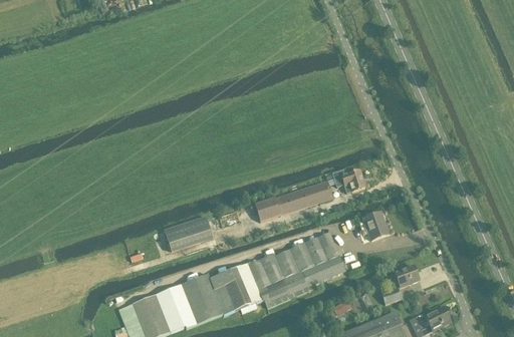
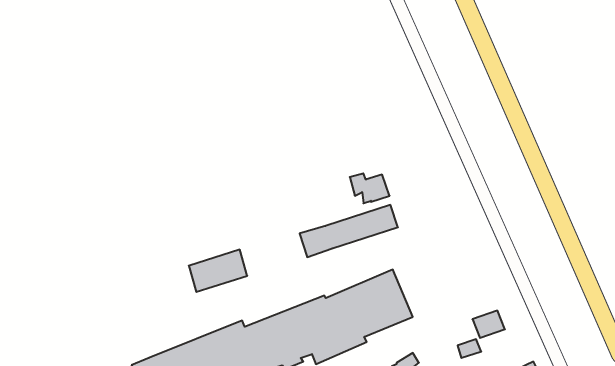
building: [333,168,365,193] -> [350,173,390,203]
building: [358,212,389,240] -> none

